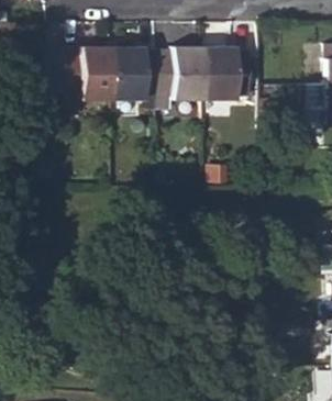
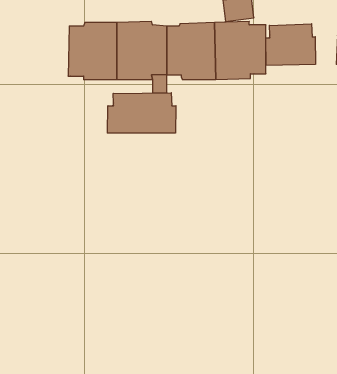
building: none -> [266,24,315,65]
building: none -> [107,93,176,133]

